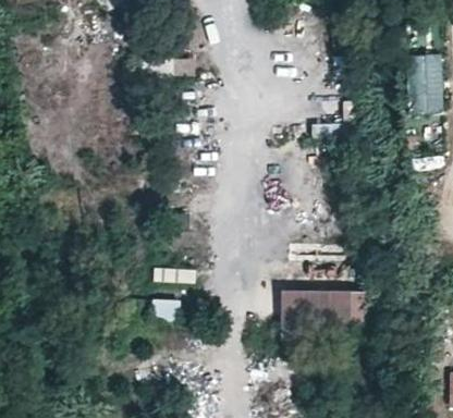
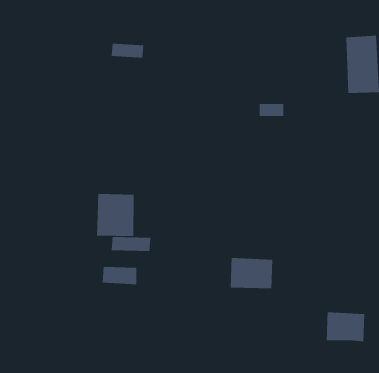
building: none -> [96,193,134,237]
building: [327,294,369,327] -> [326,312,365,342]

